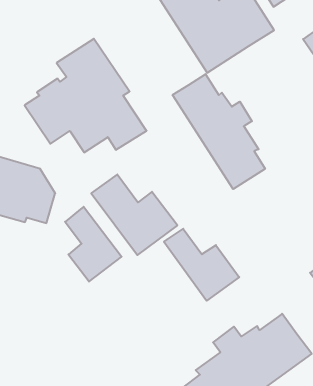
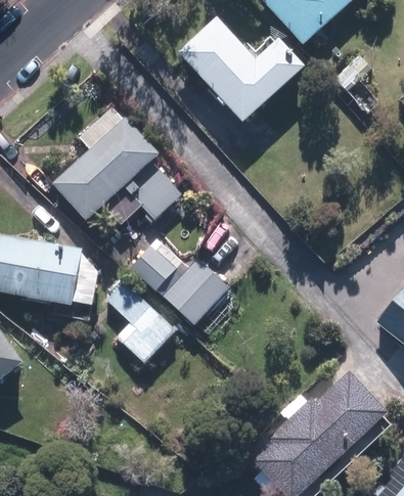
building: [173,74,265,189] -> none
building: [164,229,239,301] -> none

